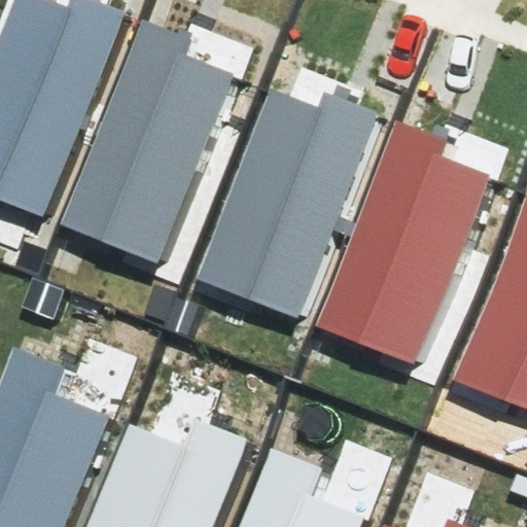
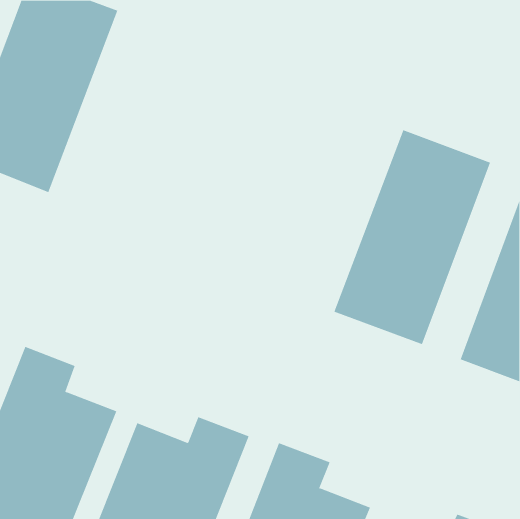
building: [72,29,229,243] -> none
building: [201,89,357,303] -> none

